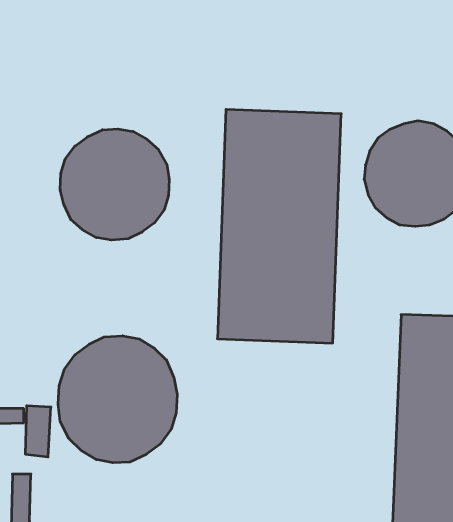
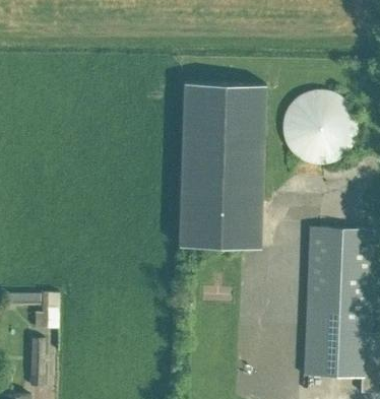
building: [60,129,169,240] -> none
building: [58,336,177,463] -> none

